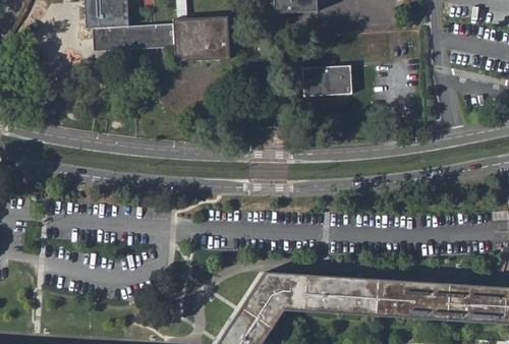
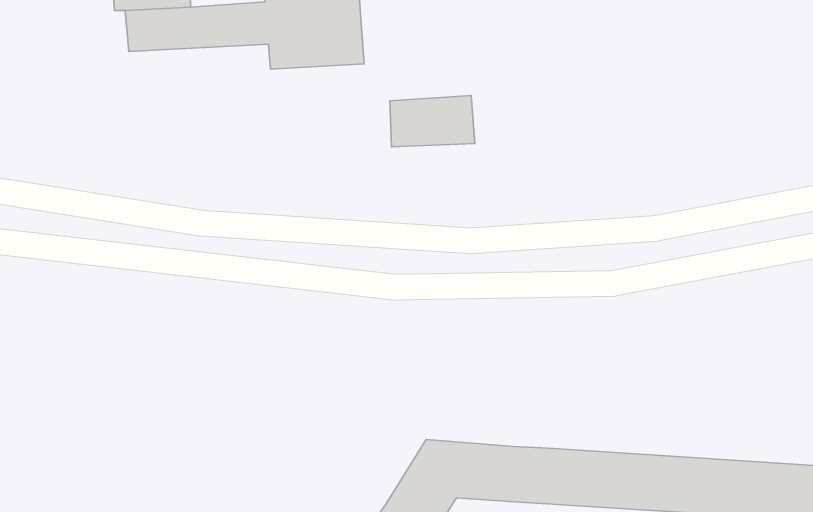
building: [303,66,352,96] -> [390,95,475,147]

